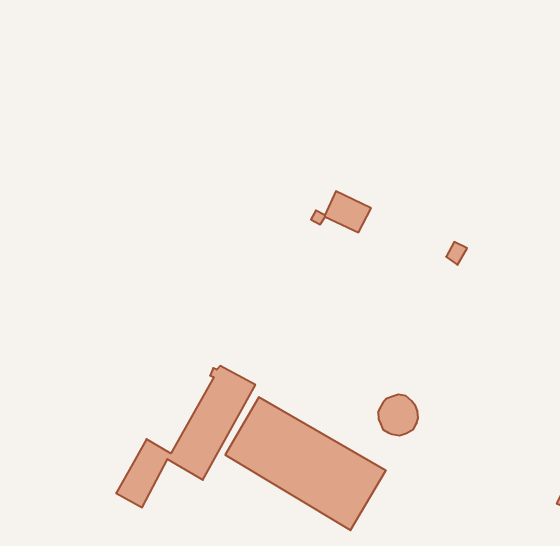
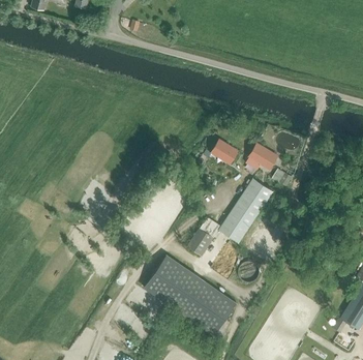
building: none -> [246,144,277,171]
building: [116,366,255,507] -> [187,179,272,258]

